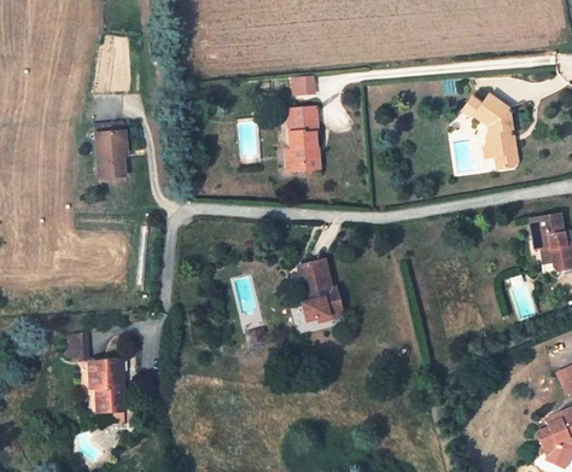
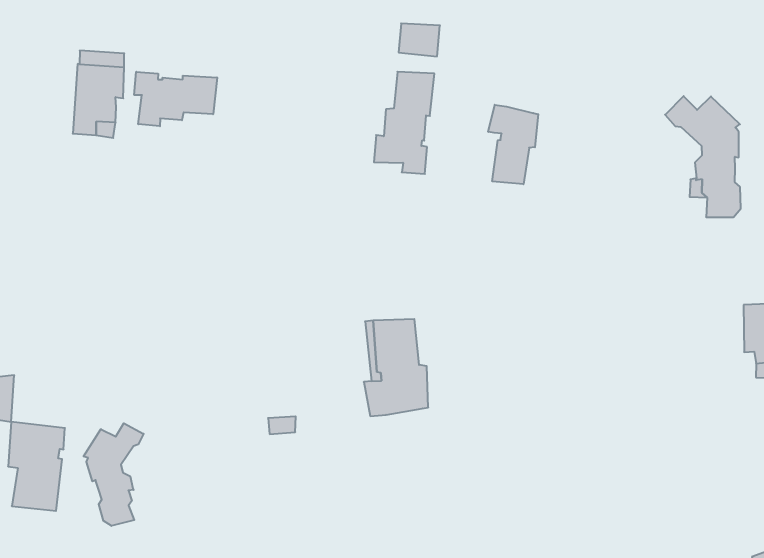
building: none -> [488,105,538,184]
building: none -> [134,72,217,126]
building: none -> [84,423,144,526]

